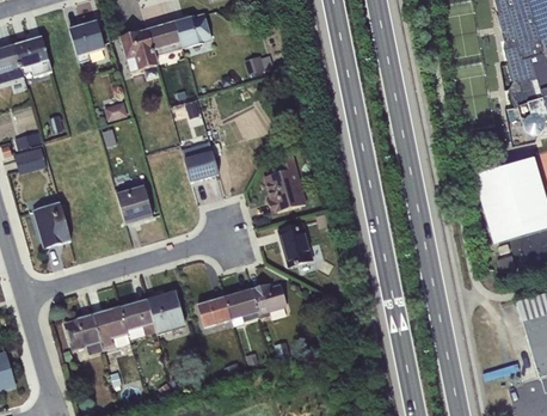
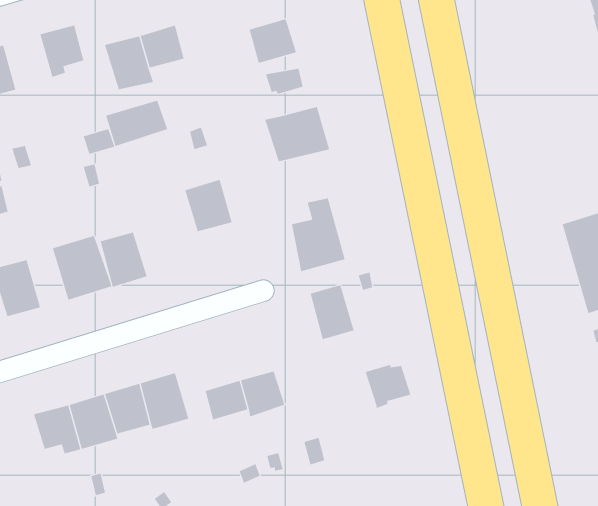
building: [174,12,211,47] -> [249,19,297,63]
building: none -> [106,100,168,147]
building: none -> [264,106,330,162]
building: none -> [52,235,112,301]
building: [251,282,287,317] -> [365,364,411,409]

